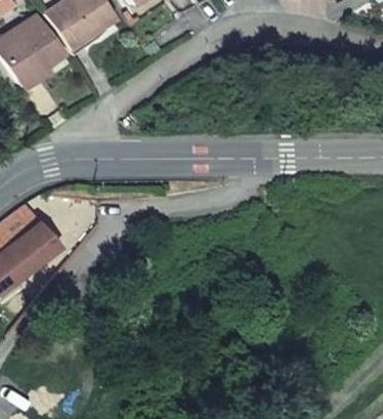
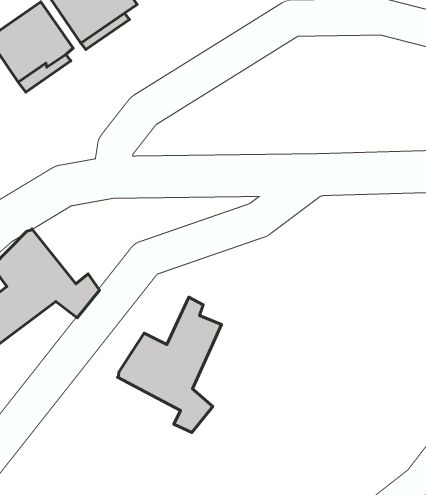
building: none -> [118,297,221,432]

